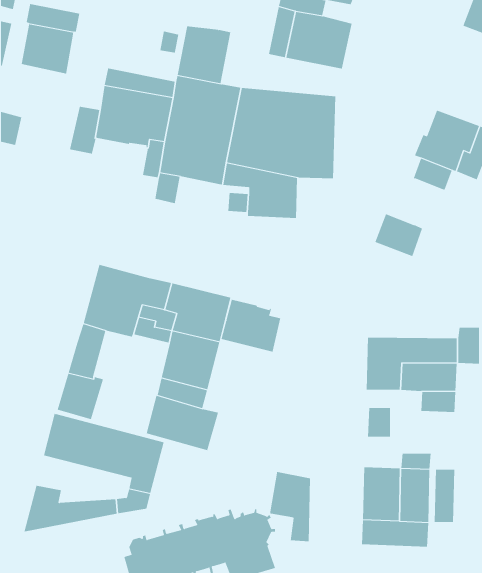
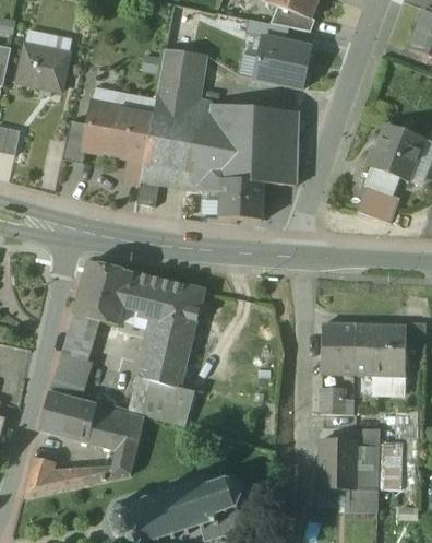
building: [374,214,423,257] -> [358,184,400,222]
building: [221,299,281,352] -> none
building: [270,471,311,542] -> none

